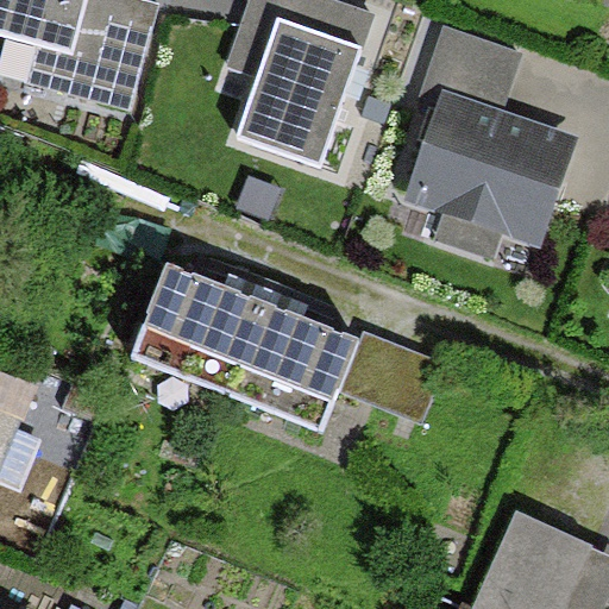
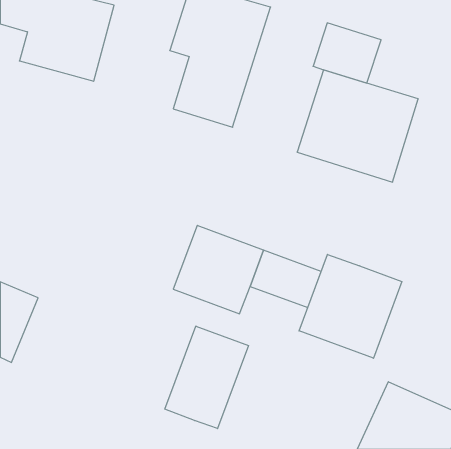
building: [139,268,266,389] -> none
building: none -> [299,254,402,358]
building: none -> [165,326,249,429]

